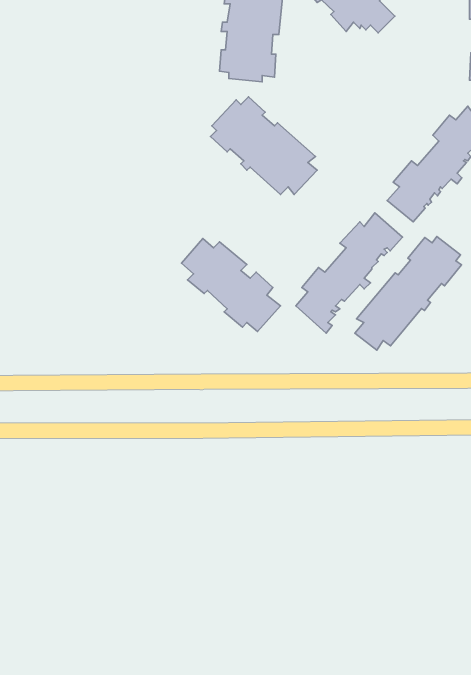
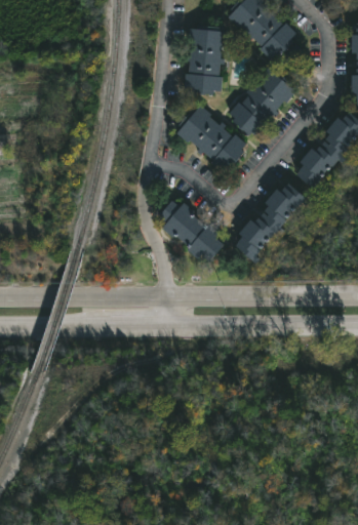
building: none -> [228,66,297,138]
building: [355,237,462,350] -> none

